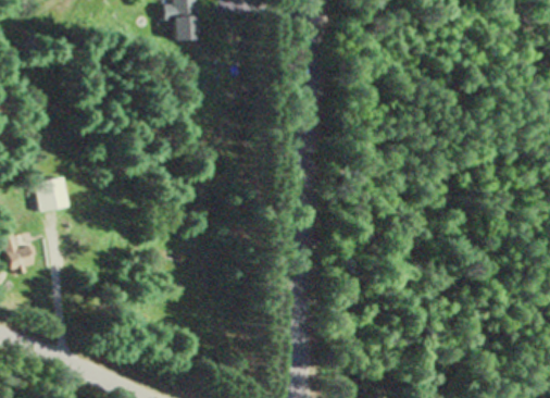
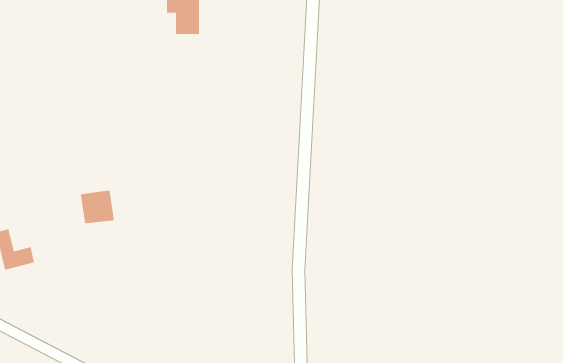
building: [36,177,70,211] -> [80,189,115,224]

